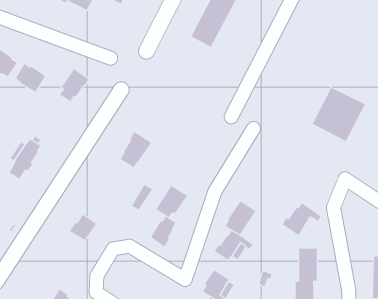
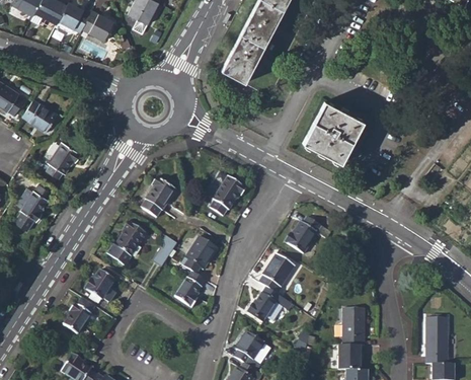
building: [59,68,90,102] -> [47,141,81,178]
building: [312,87,366,142] -> [303,100,364,162]
building: none -> [210,175,246,215]
building: none -> [110,221,146,265]
building: [282,203,321,236] -> [285,216,329,253]
building: none -> [64,303,90,332]

